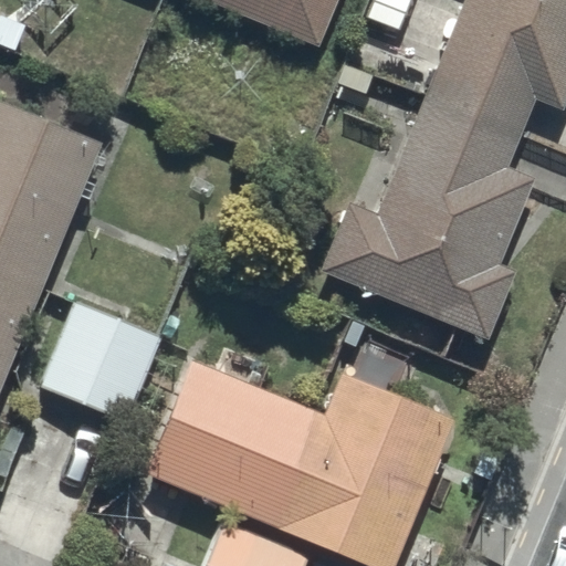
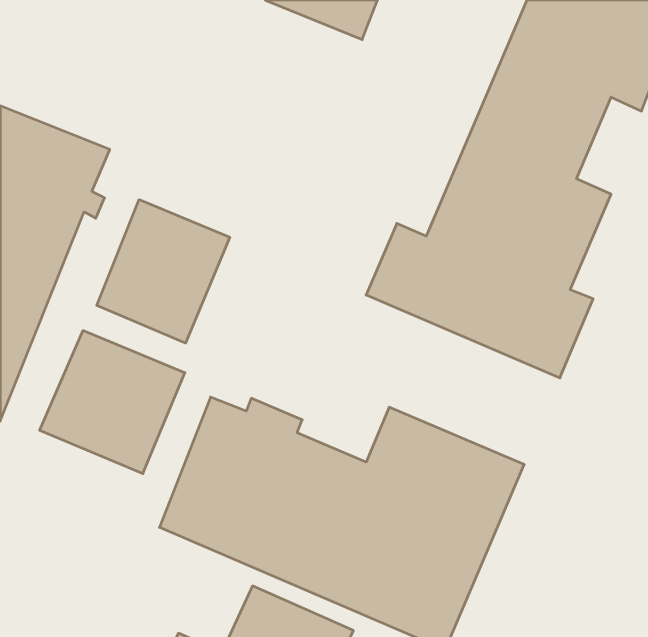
building: none -> [97,200,230,343]

